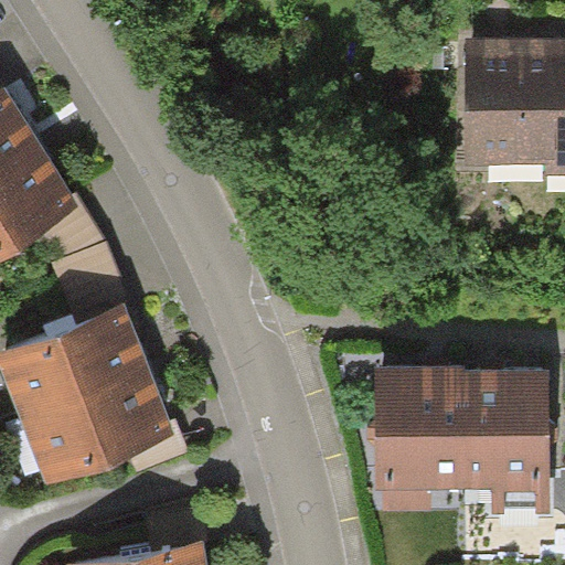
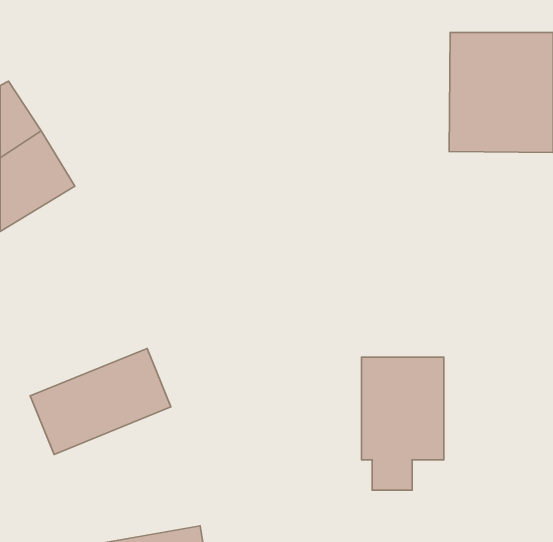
building: [8,309,150,415] -> none
building: [452,375,533,507] -> none

